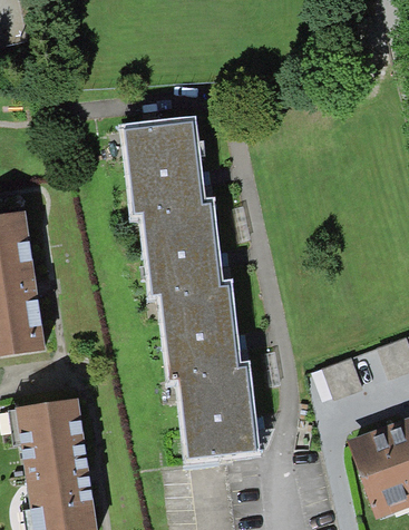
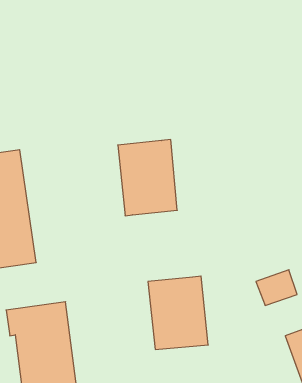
building: [126,124,198,208] -> none
building: [163,285,236,374] -> none

